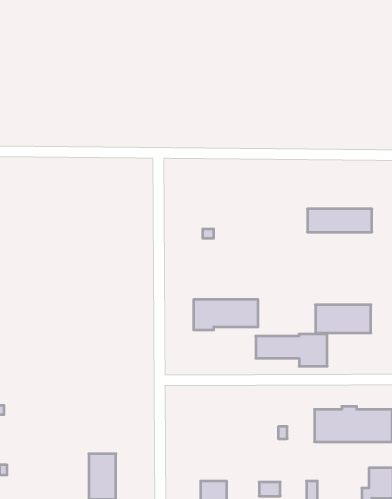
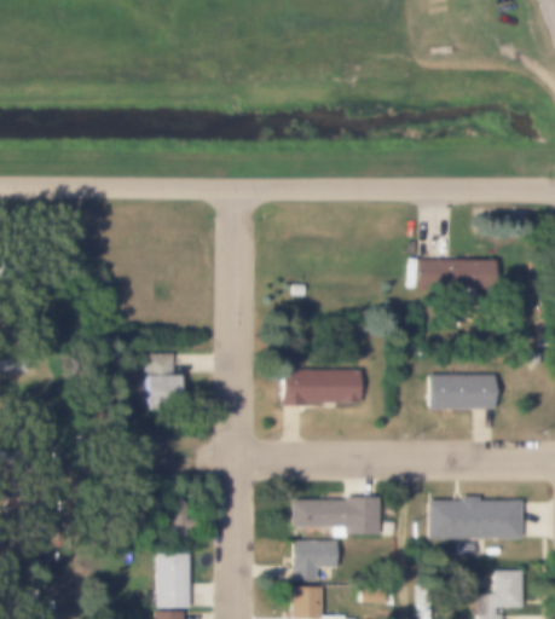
building: none -> [146,354,180,410]
building: [256,334,327,366] -> [293,497,378,536]
building: none -> [167,501,187,539]
building: none -> [291,540,336,583]

